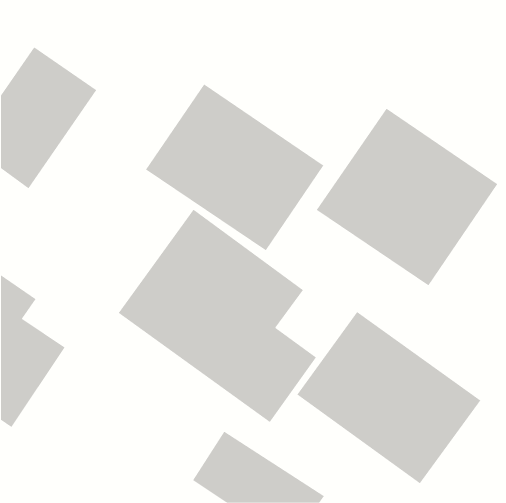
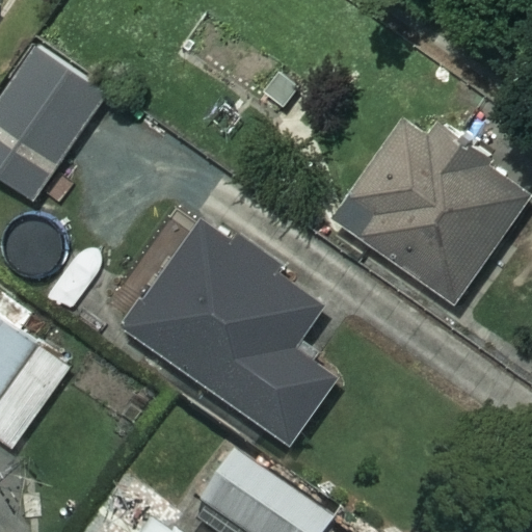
building: [145,84,324,251] -> none
building: [297,311,481,484] -> none

